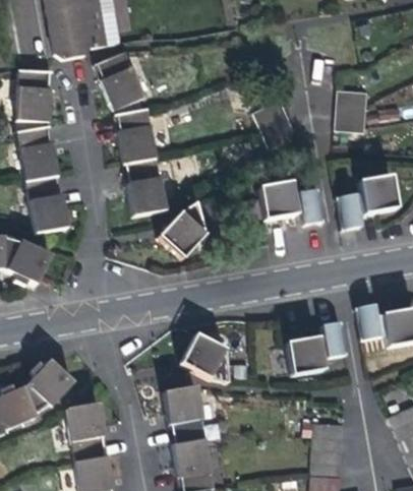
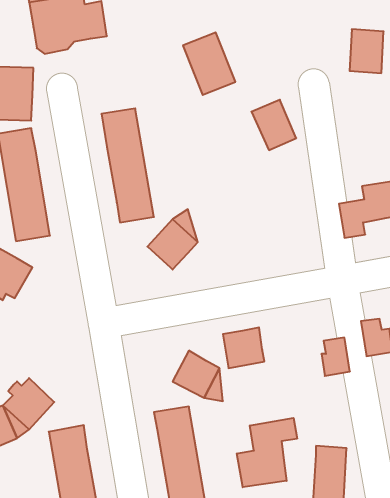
building: [95,52,143,110] -> [183,32,235,95]
building: [335,89,366,130] -> [350,29,384,73]
building: [258,182,322,224] -> none
building: [286,336,324,374] -> [223,327,264,368]
building: none -> [237,418,297,487]

